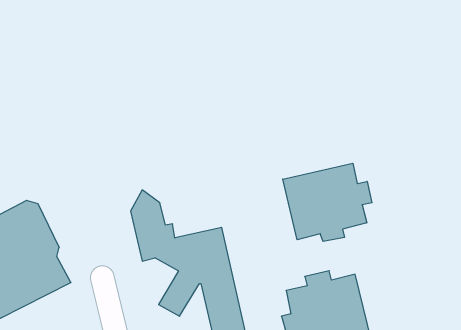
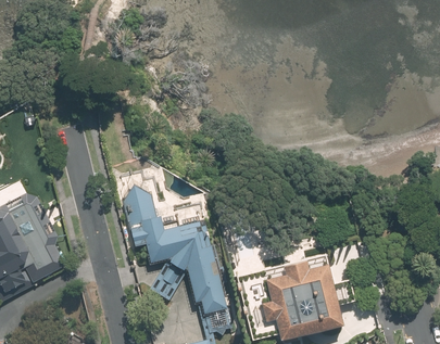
building: [283,163,372,241] -> none

